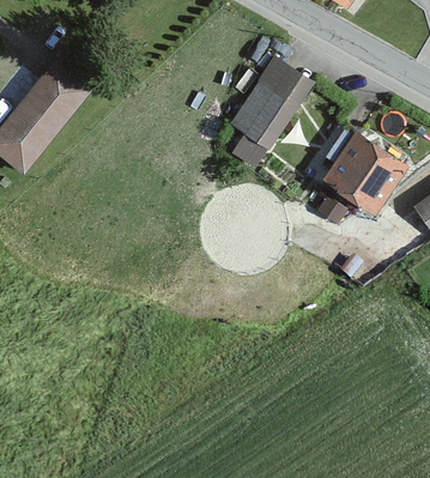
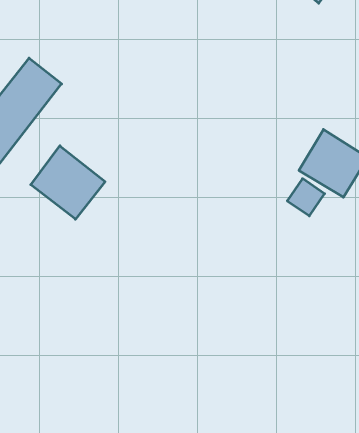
building: [236,60,308,141] -> none
building: none -> [31,146,105,219]

